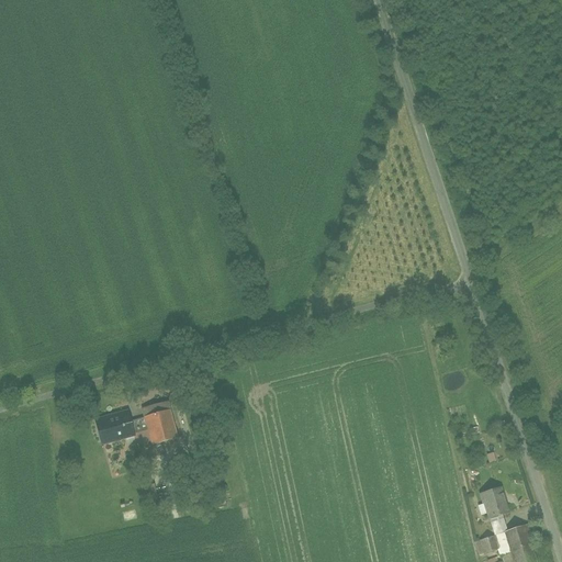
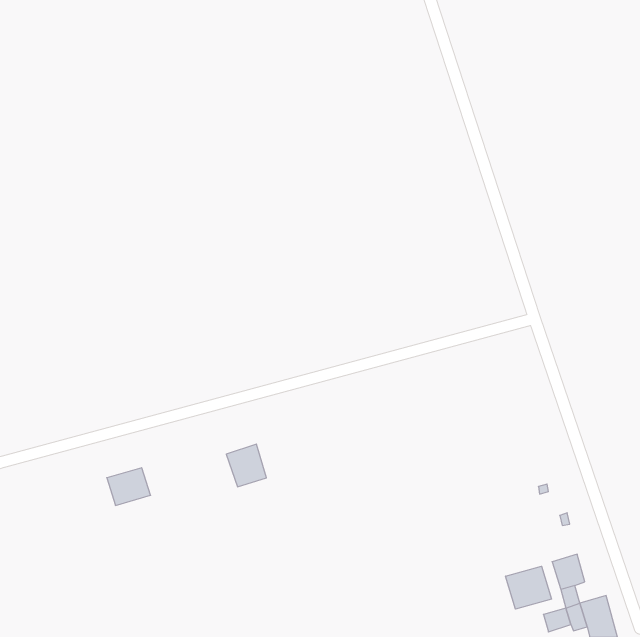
building: [140,408,176,446] -> [226,444,266,487]
building: none -> [506,566,552,609]

